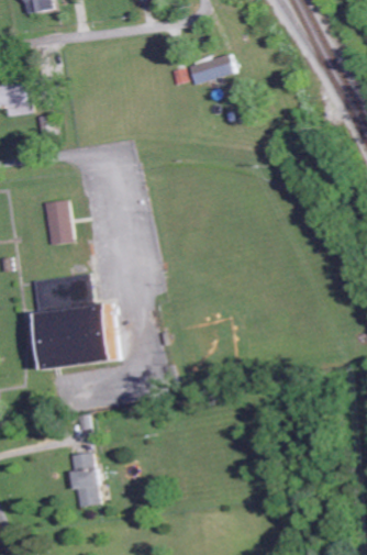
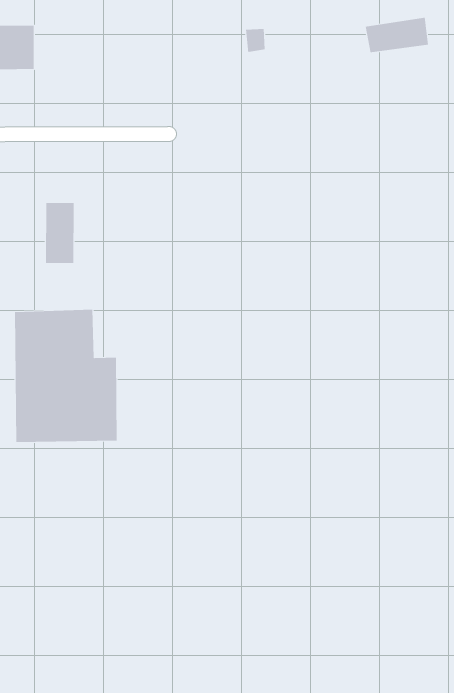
building: [188,55,233,84] -> [365,17,429,53]
building: [71,453,100,508] -> none

